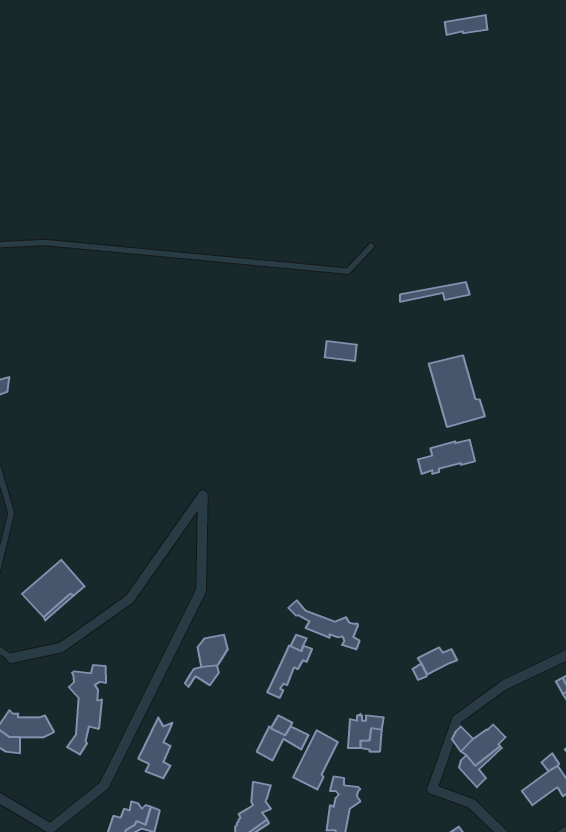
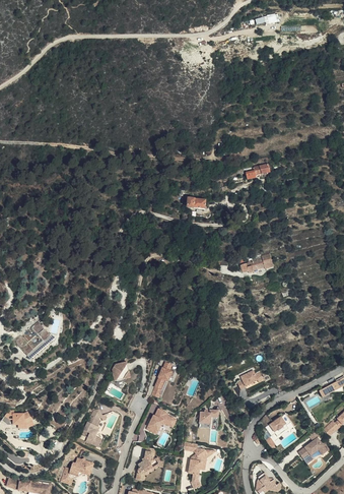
building: [429,355,485,427] -> none
building: [288,600,359,649] -> none
building: [67,665,106,755] -> none
building: [293,730,338,790] -> none

